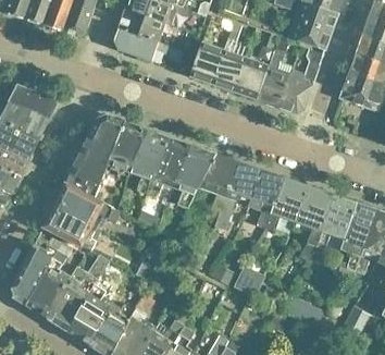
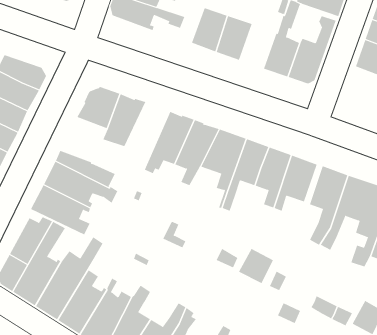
building: [234,58,268,99] -> none
building: [128,130,170,193] -> none
building: [69,144,112,185] -> none

